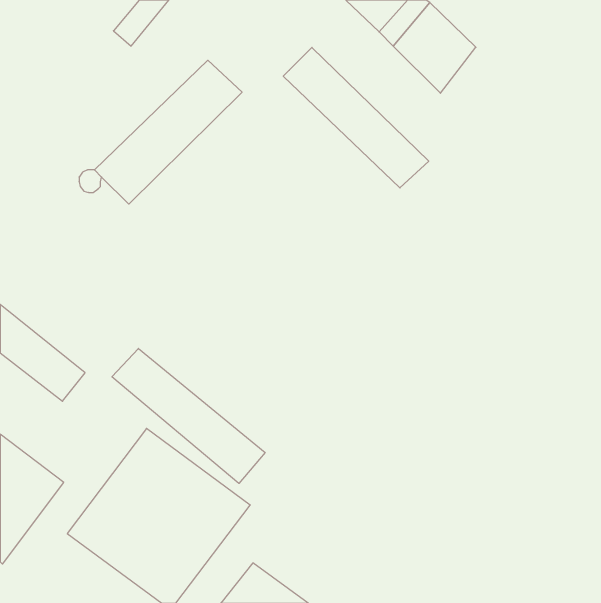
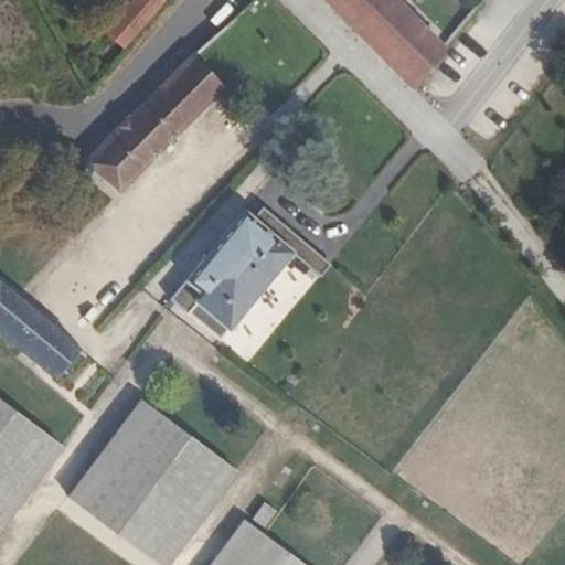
building: [283,47,429,188] -> none
building: none -> [175,206,303,339]
building: [112,348,265,483] -> none

